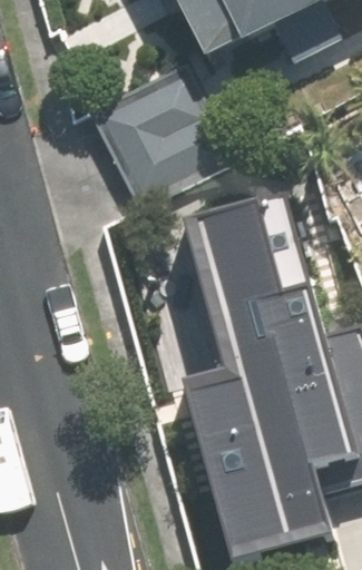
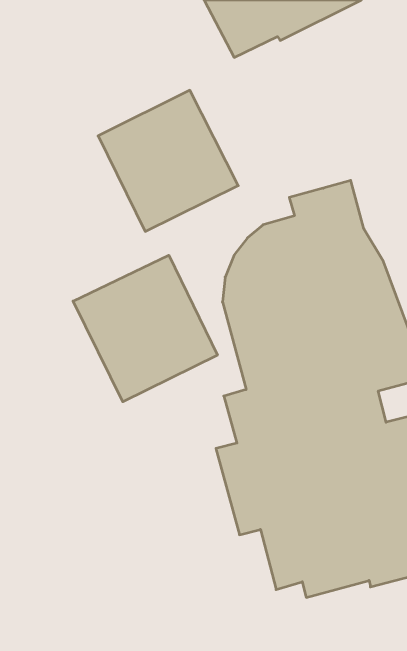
building: none -> [73,255,217,402]

